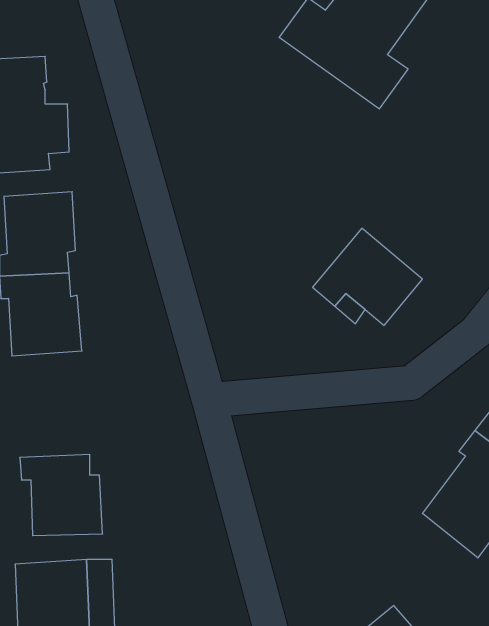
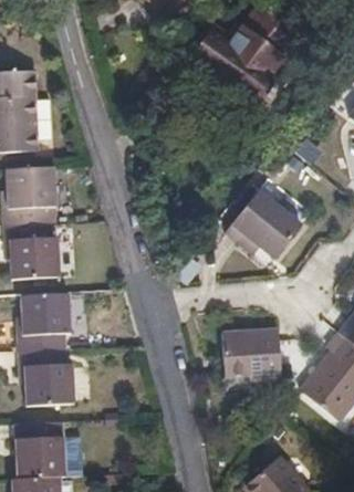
building: none -> [19,293,72,352]
building: none -> [220,332,280,383]

